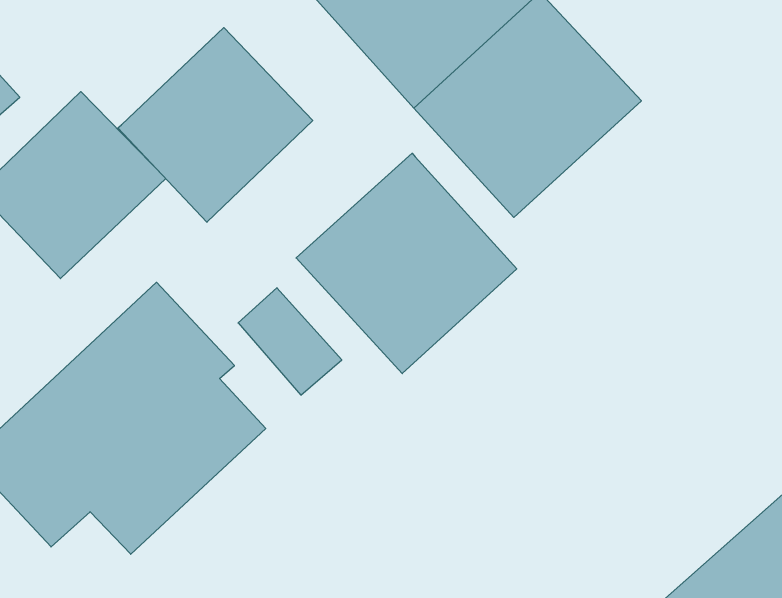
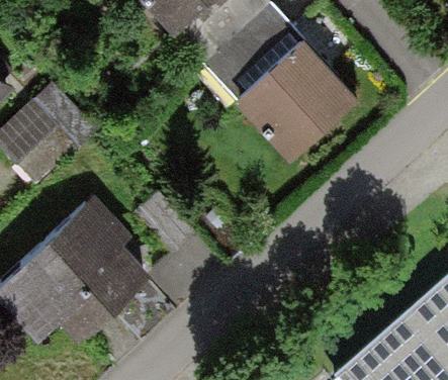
building: [118,28,313,222] -> none
building: [296,153,517,374] -> none

